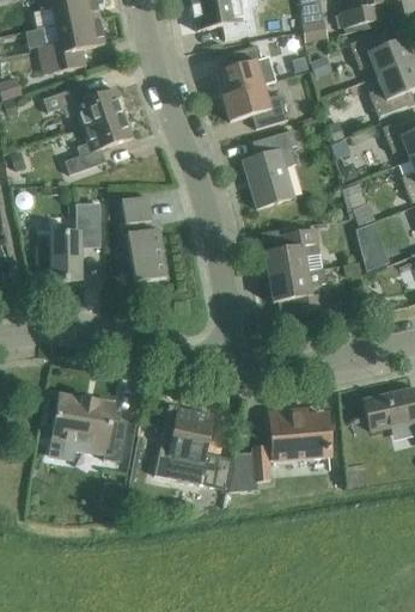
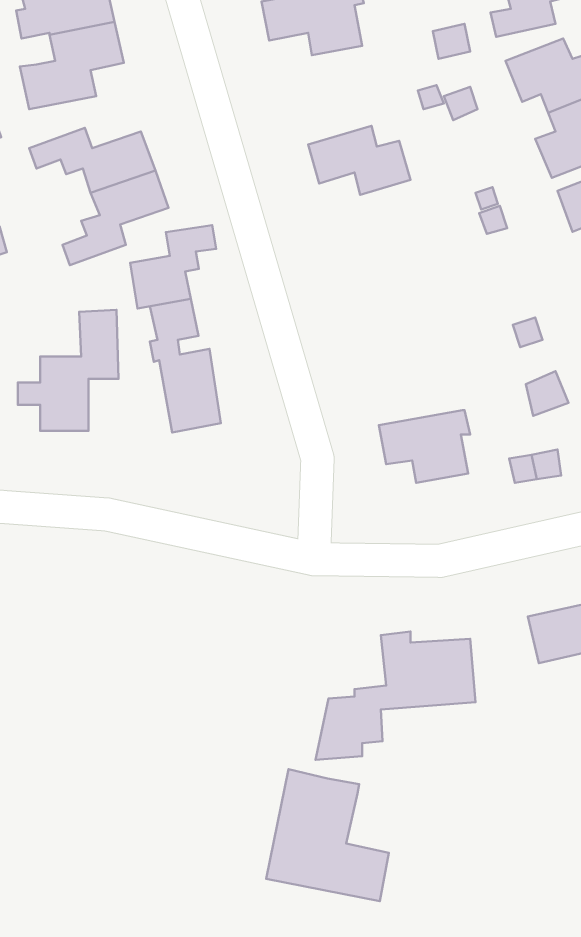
building: [215,43,276,96] -> none
building: [243,129,297,207] -> none
building: none -> [130,225,216,309]
building: [264,227,322,276] -> none
building: [49,393,128,461] -> none
building: [154,404,233,489] -> [266,769,389,901]

